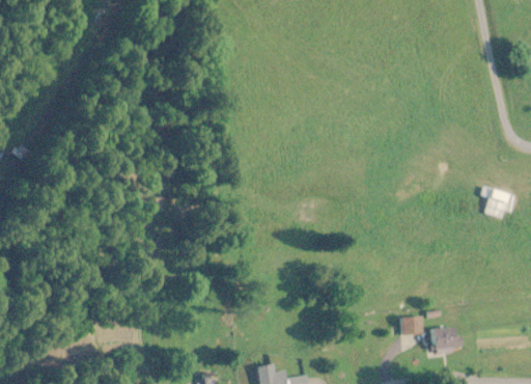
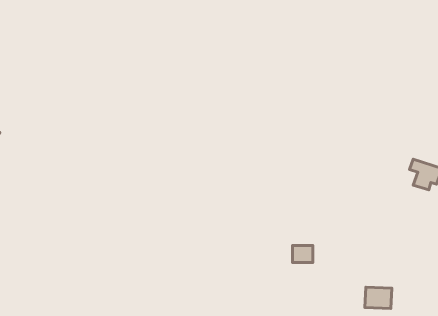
building: [400,316,423,334] -> [292,246,313,262]

